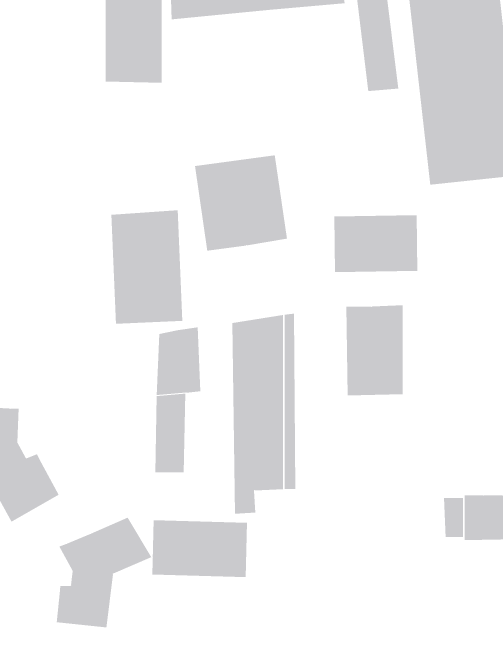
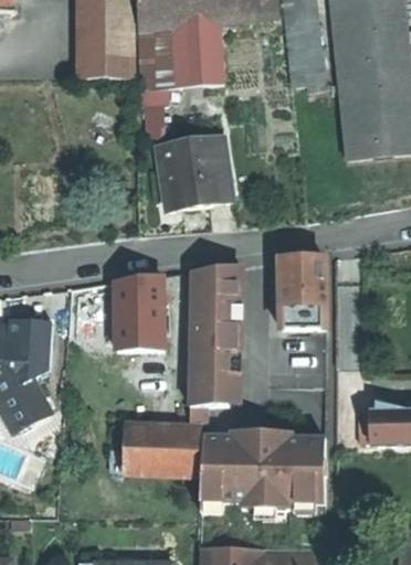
building: none -> [138,18,222,134]
building: [111,209,183,324] -> none
building: [334,215,418,273] -> none
building: none -> [9,317,53,377]
building: [56,517,152,628] -> none
building: none -> [202,428,325,508]

